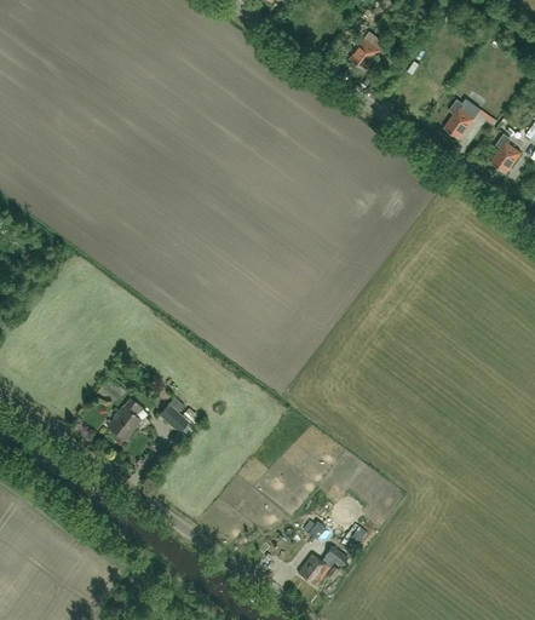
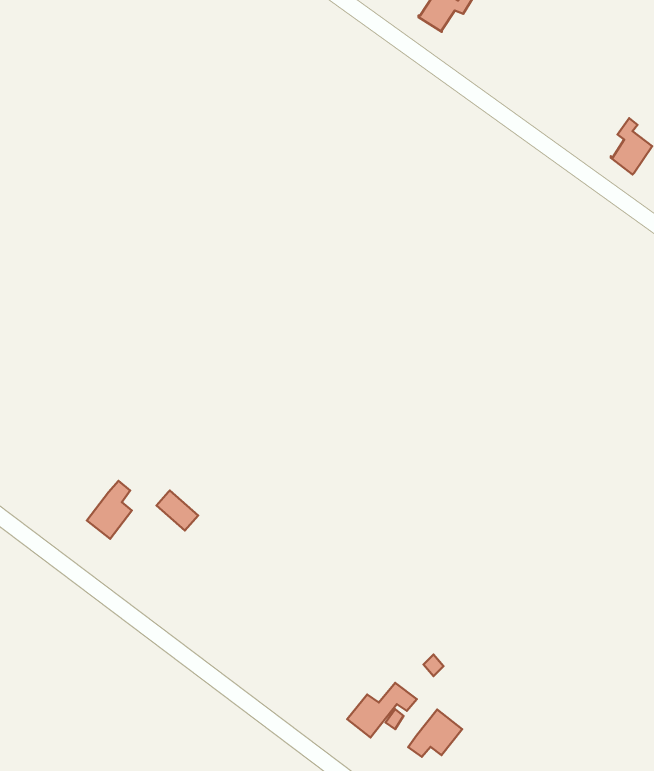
building: [443,99,474,139] -> none
building: none -> [408,710,462,757]

